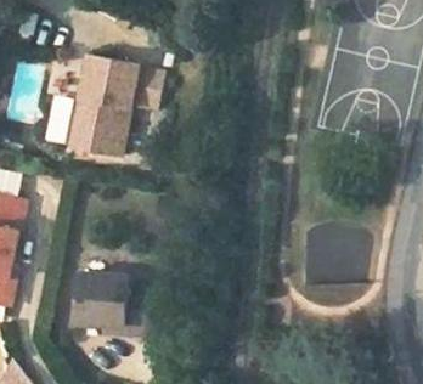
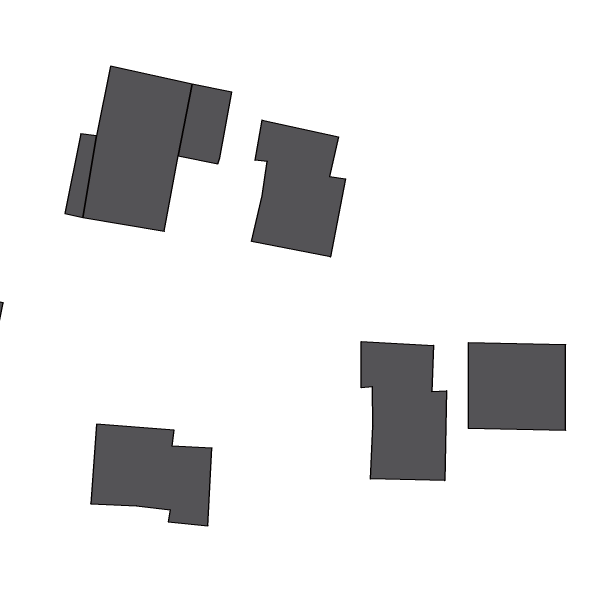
building: none -> [252,120,346,257]
building: none -> [361,342,447,481]

